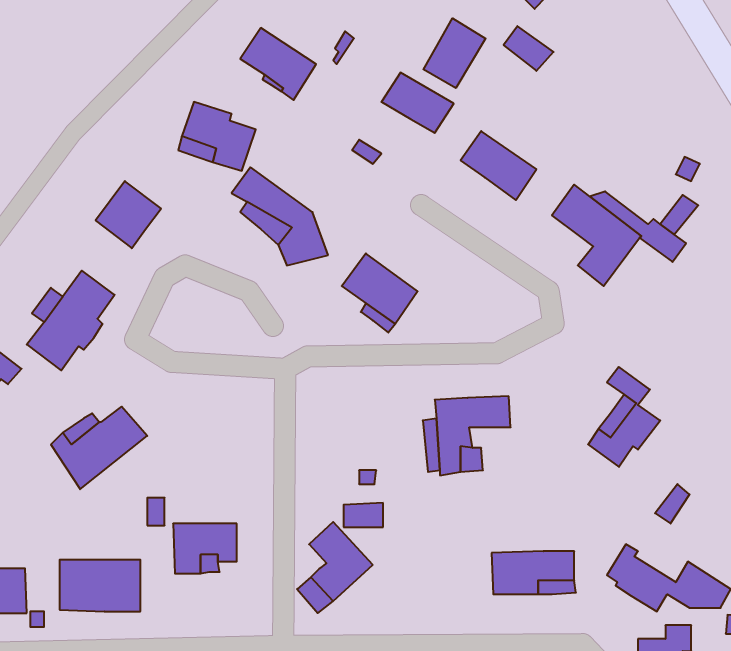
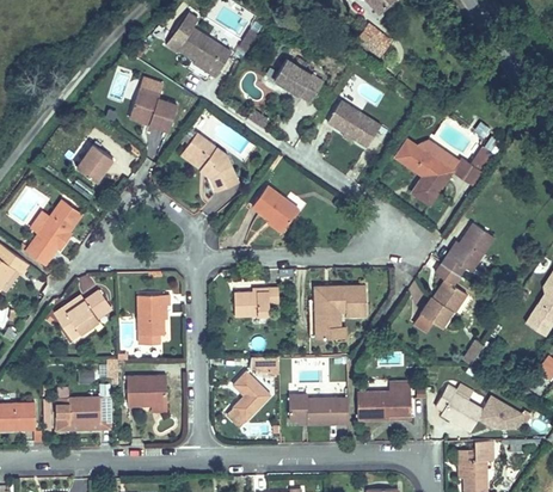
building: [423,18,486,88] -> none
building: none -> [440,223,499,278]
building: none -> [232,284,281,316]
building: none -> [145,291,176,340]
building: none -> [287,389,346,425]

